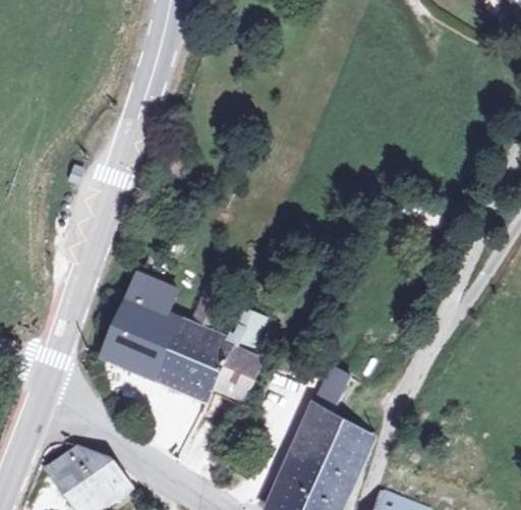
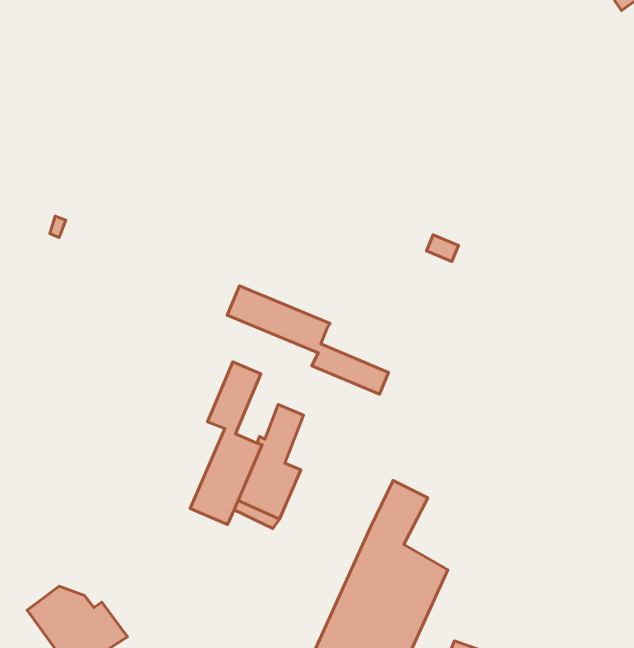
building: none -> [227,286,389,394]
building: [99,273,201,389] -> none

